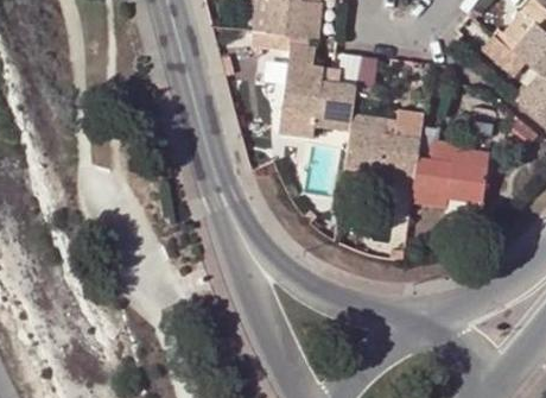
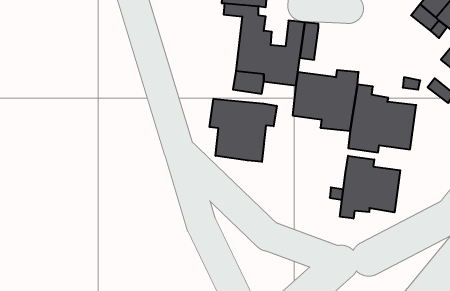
building: none -> [210,99,277,162]
building: none -> [340,156,400,219]

